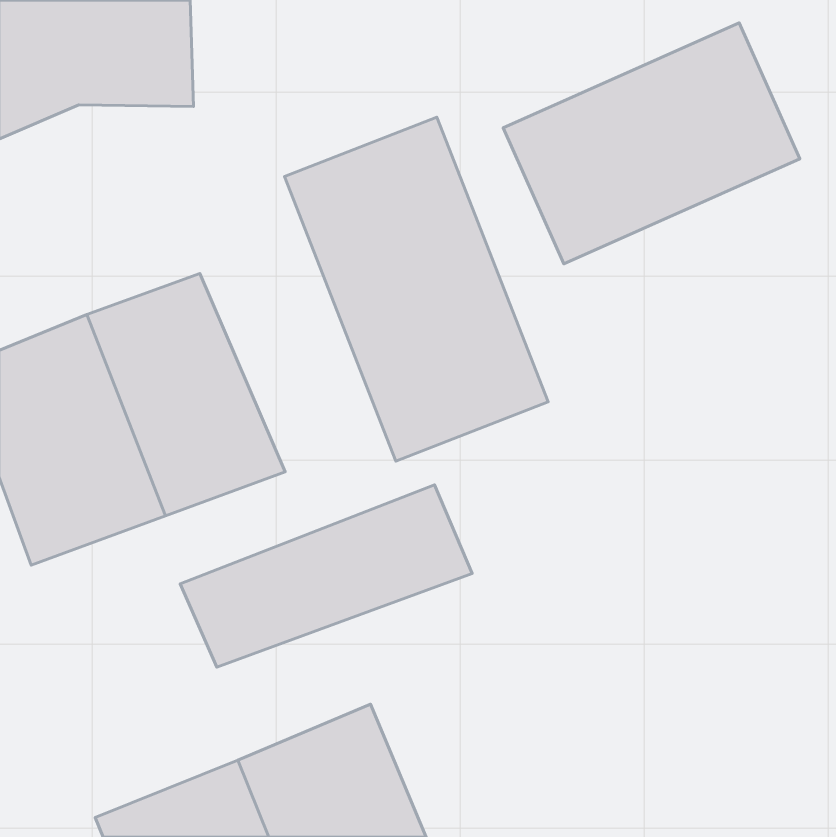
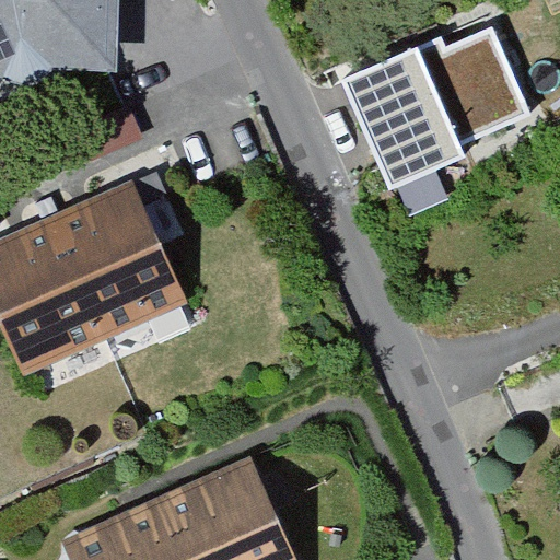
building: [285,117,548,461] -> none
building: [180,485,472,667] -> none

